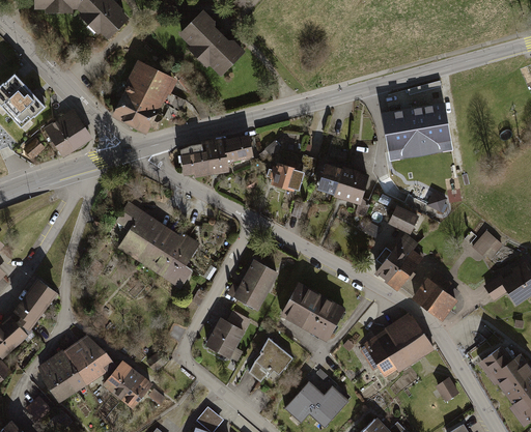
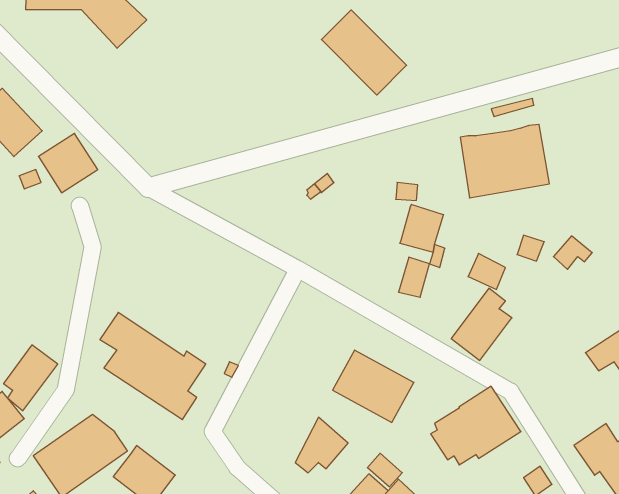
building: [175,9,244,78] -> [321,10,407,95]
building: [111,59,177,135] -> none
building: [180,134,253,176] -> none
building: [270,163,305,192] -> none
building: [317,163,342,195] -> [398,257,429,297]
building: [115,202,200,288] -> [100,312,206,420]
building: [471,229,502,256] -> [553,236,592,269]
building: [234,260,279,309] -> none
building: [409,275,456,319] -> none
building: [203,316,243,356] -> none

